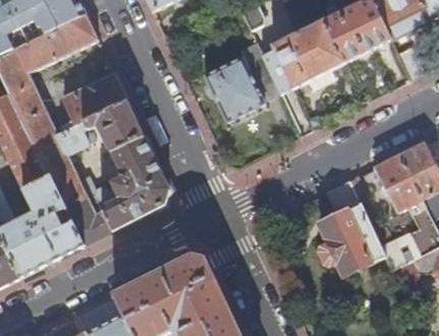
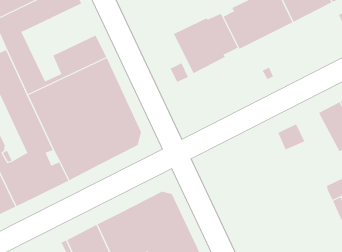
building: [319,204,385,274] -> none

